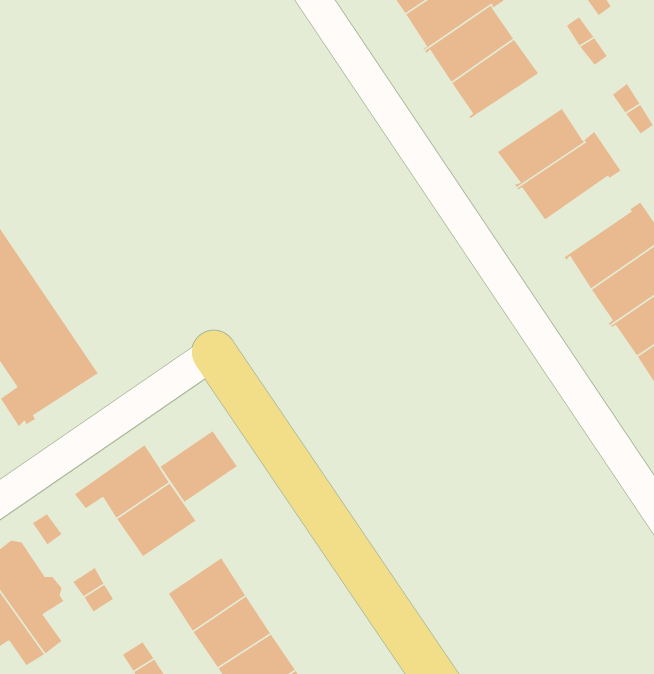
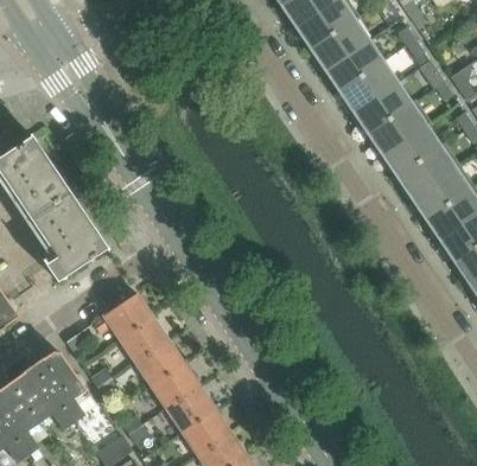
building: none -> [338,63,395,111]
building: none -> [384,127,438,177]
building: [159,430,238,503] -> [135,340,184,385]

